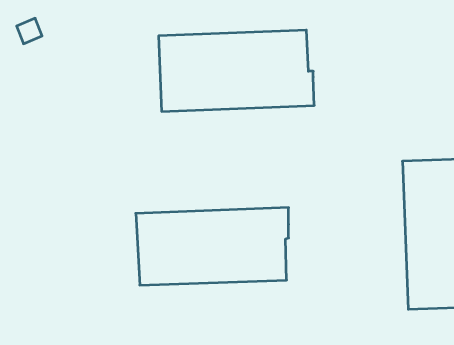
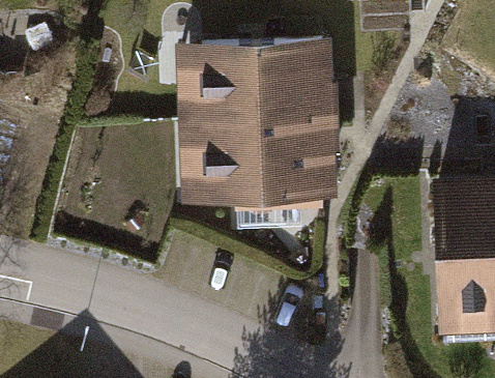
building: [136,208,289,285] -> [178,123,340,205]

